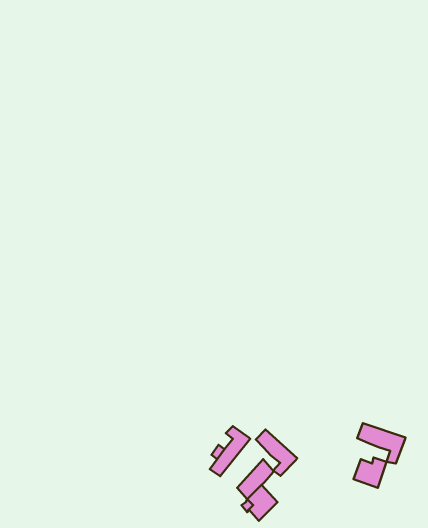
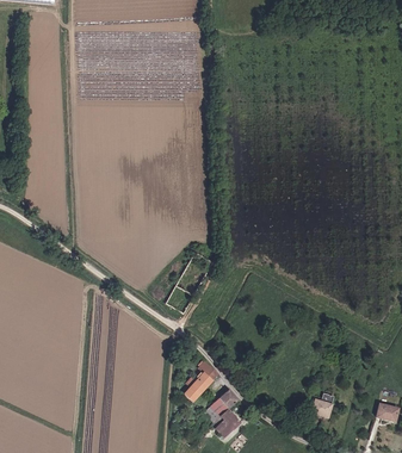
building: [357,423,405,464] -> none
building: [256,430,297,476] -> none

